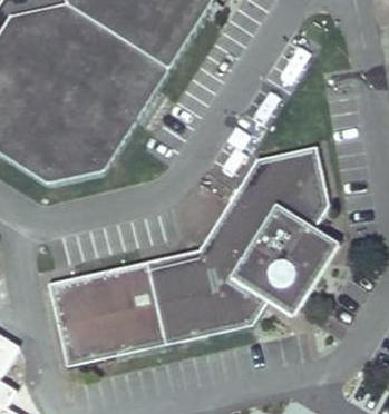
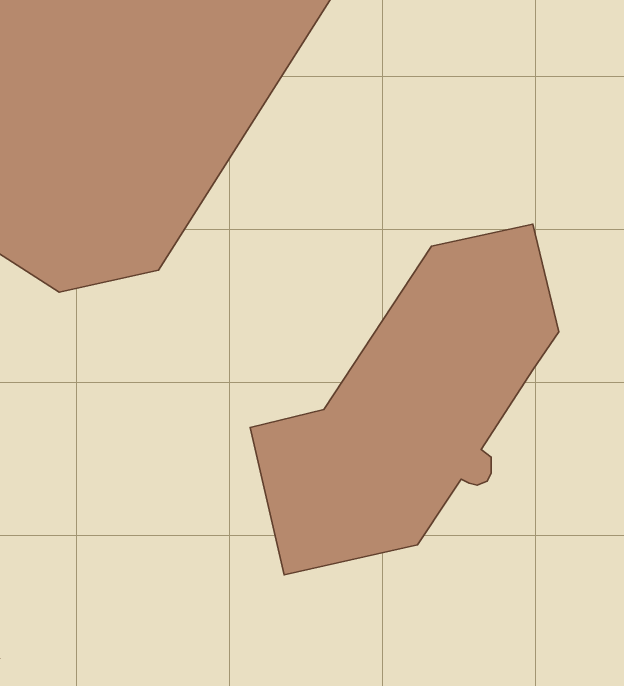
building: [268,227,339,314] -> none
building: [46,259,175,367] -> none

